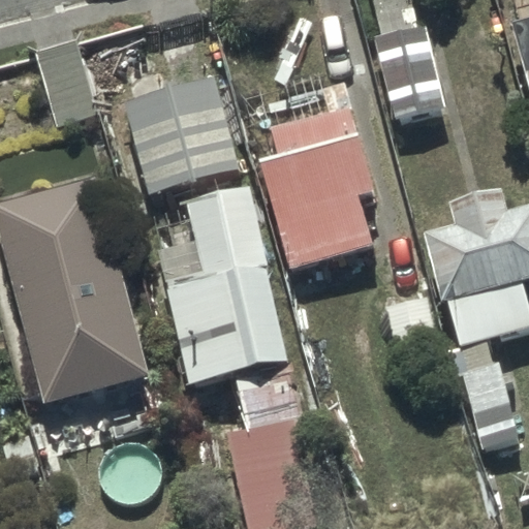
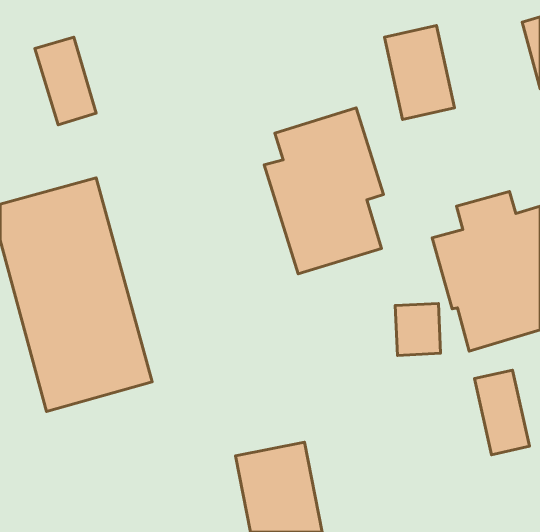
building: [123,77,237,193] -> none
building: [163,191,287,386] -> none

